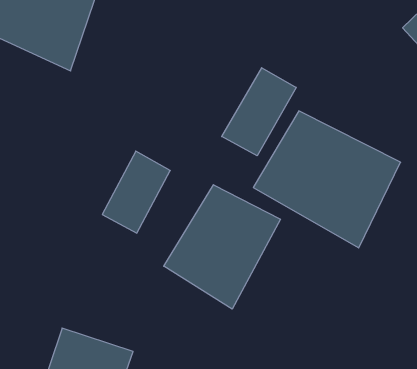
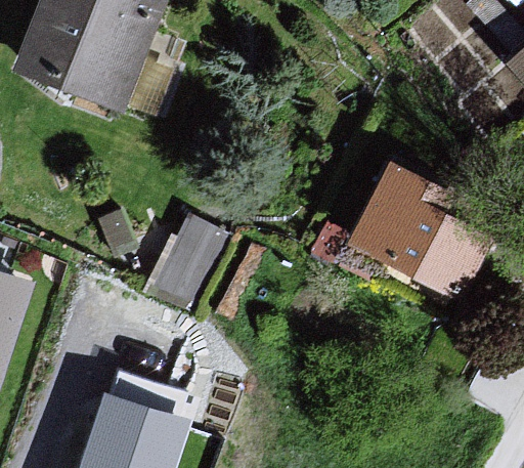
building: [222,68,296,156] -> none
building: [164,185,280,309] -> none

